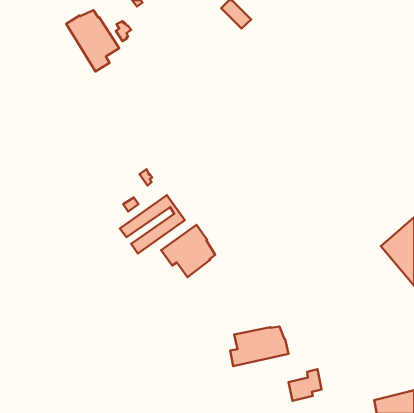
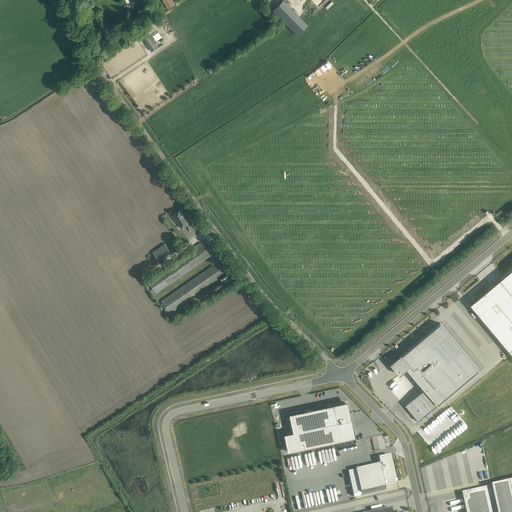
building: [66,10,119,72] -> none
building: [161,225,215,277] -> none
building: none -> [390,324,479,421]

